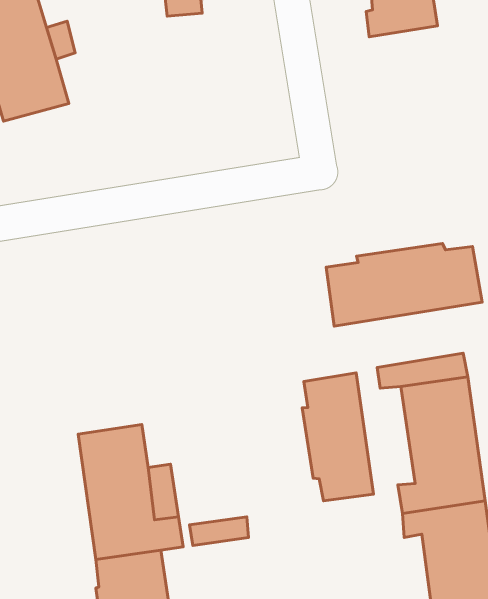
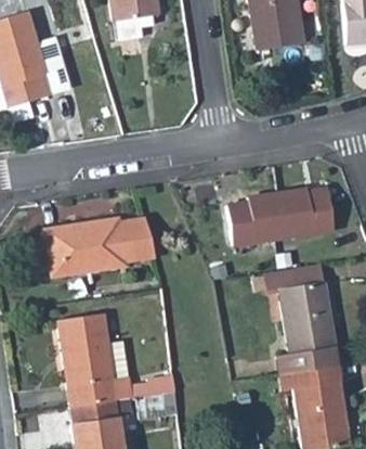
building: none -> [31,218,156,278]
building: [302,373,373,501] -> none

